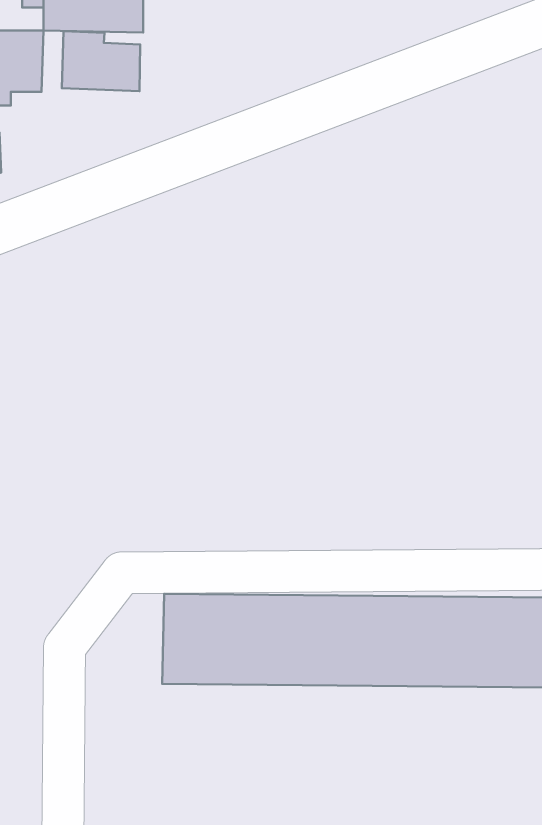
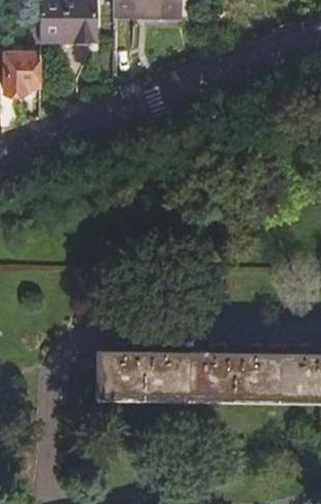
building: [62,31,140,91] -> none

